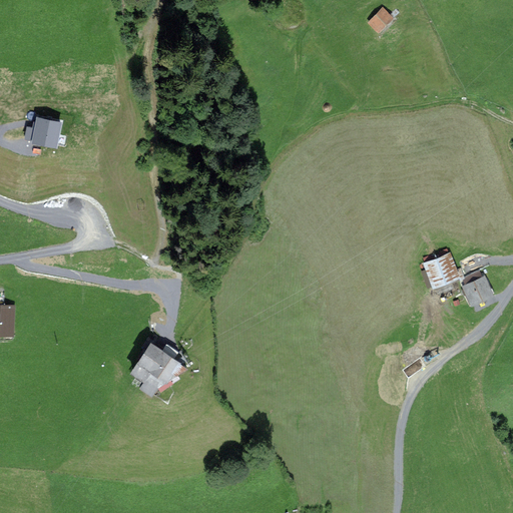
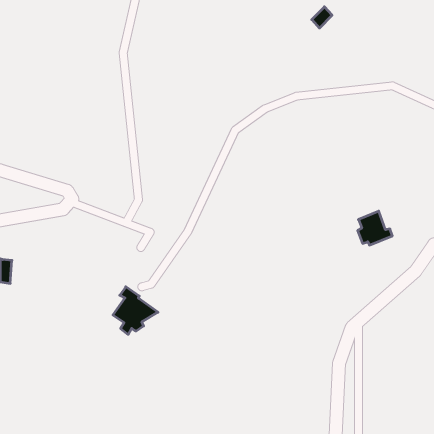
building: [33,118,61,146] -> none
building: [463,272,491,306] -> none

